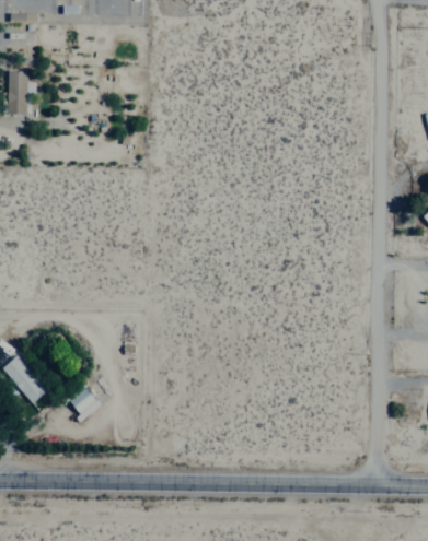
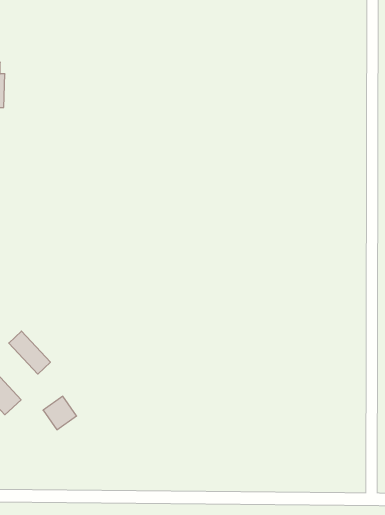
building: none -> [9,331,50,374]

